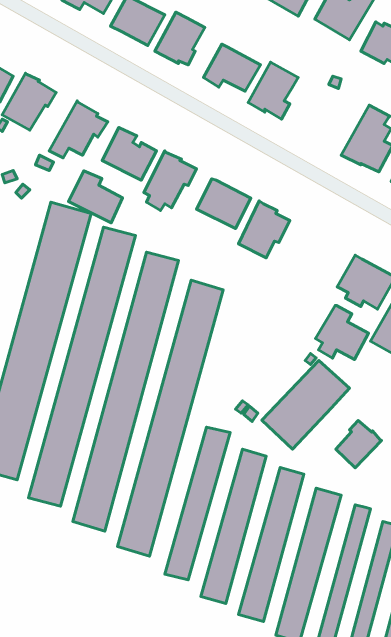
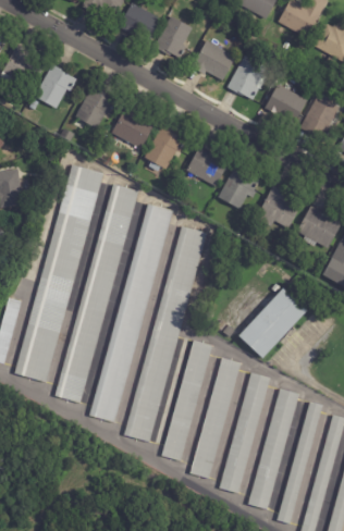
building: none -> [266,84,307,123]
building: [69,171,123,223] -> none
building: [316,305,368,359] -> [258,185,299,227]
building: [336,420,382,468] -> none

